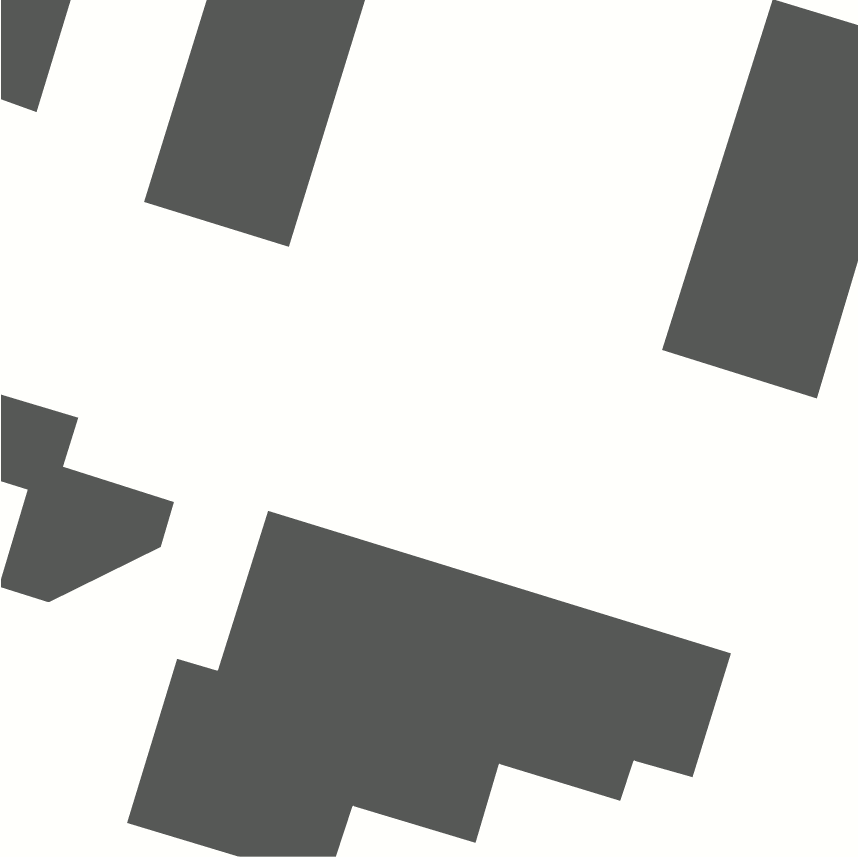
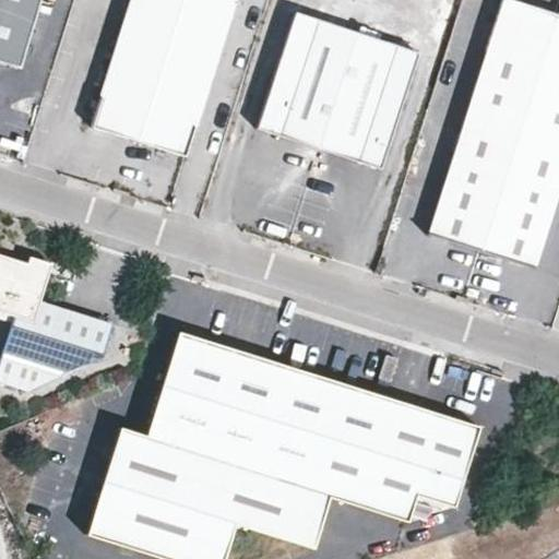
building: none -> [260,15,421,173]

